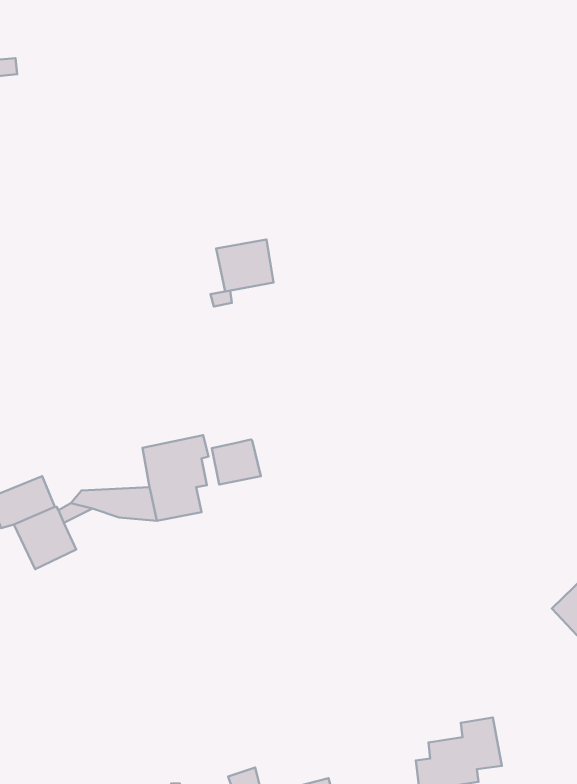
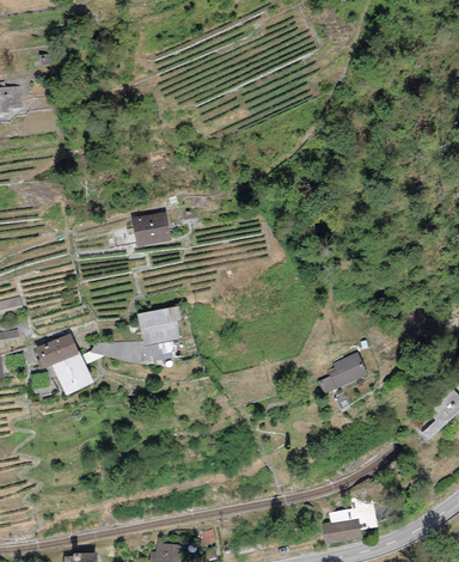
building: [216,240,274,291] -> [131,212,170,246]
building: [212,440,261,484] -> none
building: none -> [318,352,367,395]

